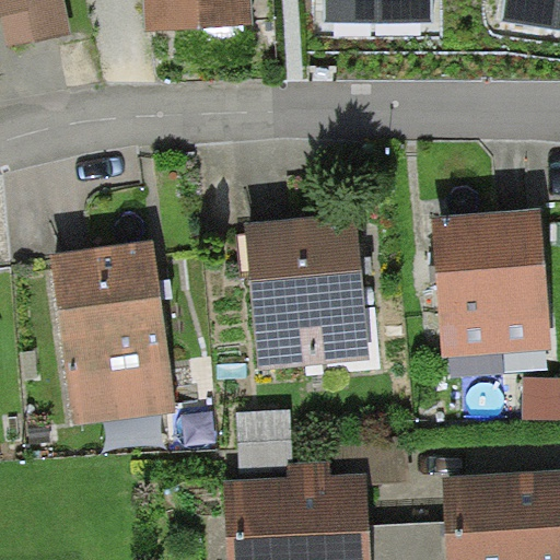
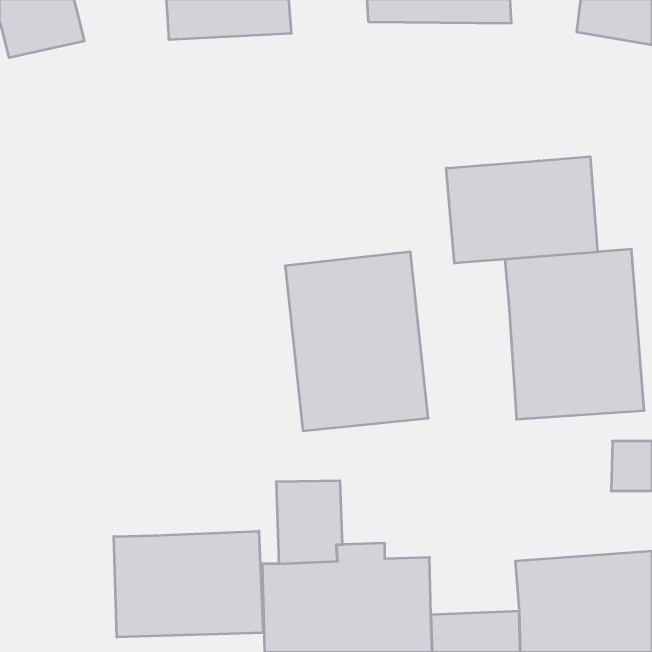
building: none -> [446,157,597,263]
building: [50,243,177,427] -> none
building: none -> [114,531,263,637]

